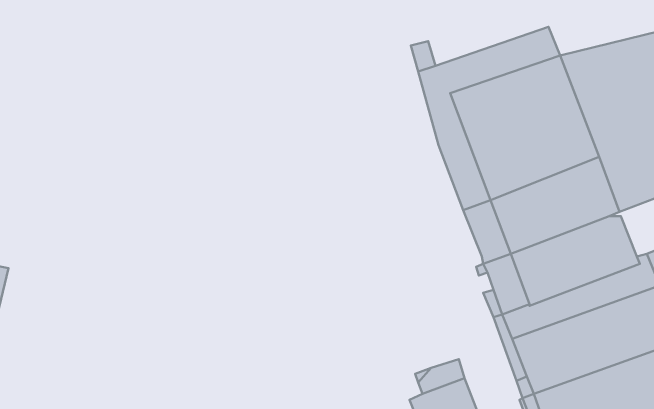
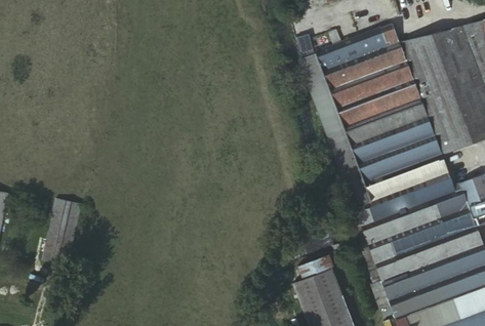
building: none -> [45,198,83,266]

